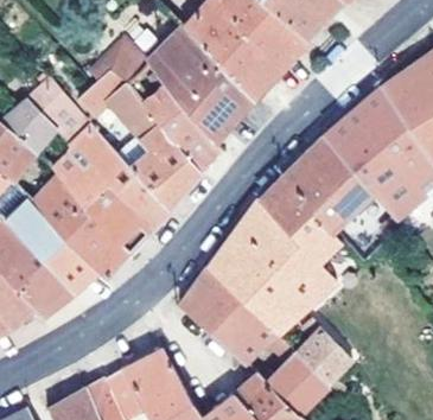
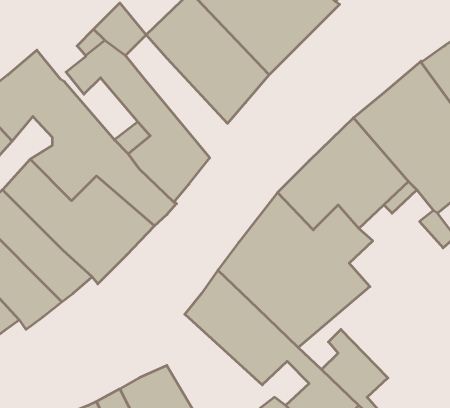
building: [144,84,221,170] -> none

